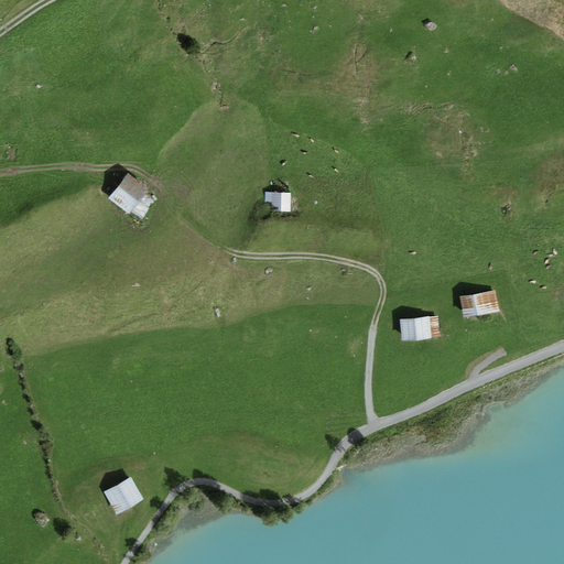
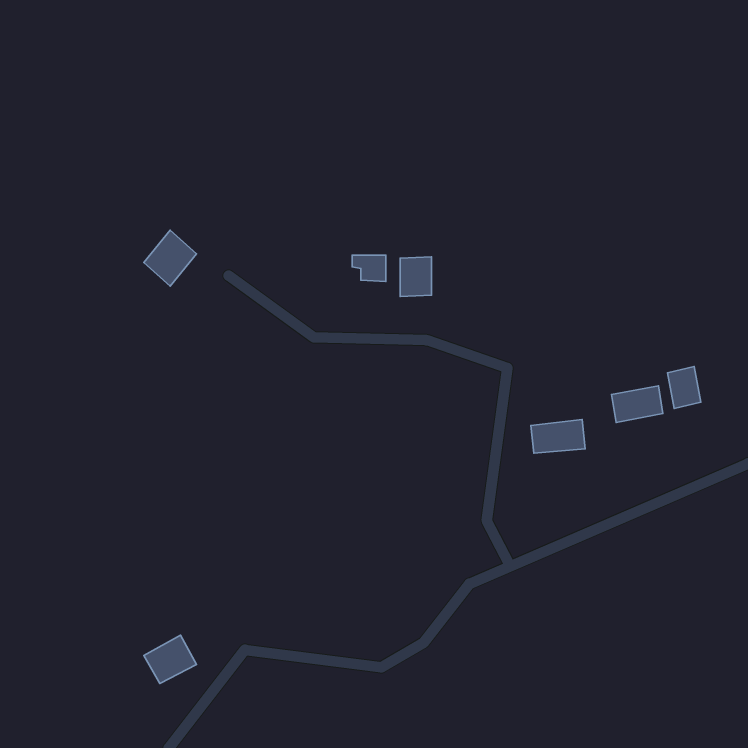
building: none -> [400,257,432,297]
building: none -> [667,366,701,408]

